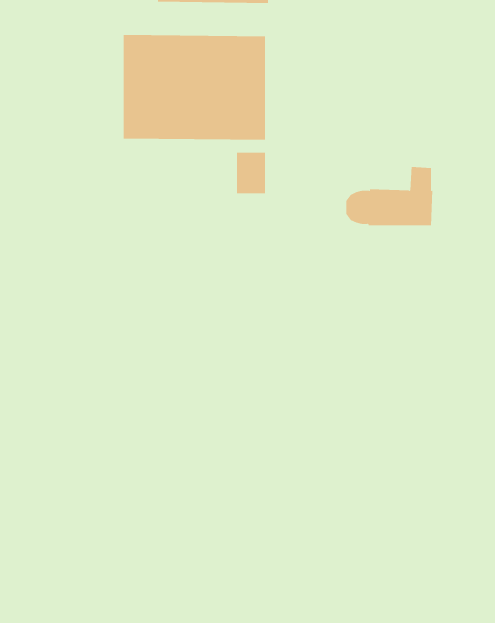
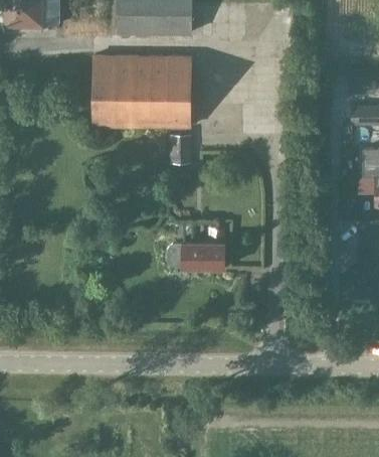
building: [345,166,433,226] -> [166,227,225,268]

